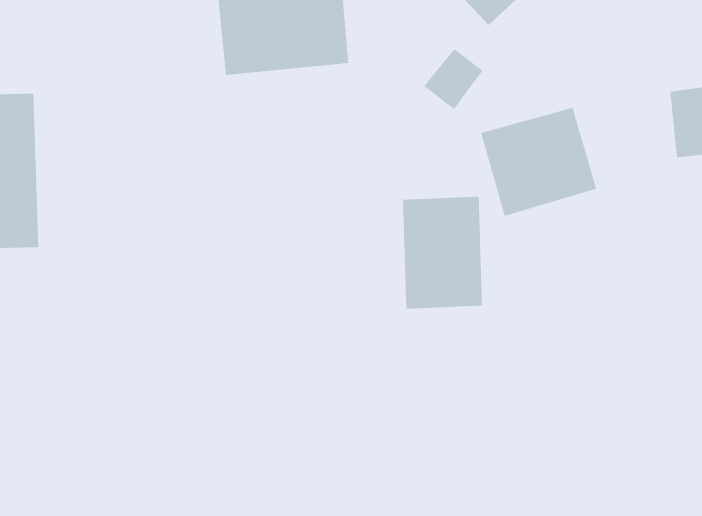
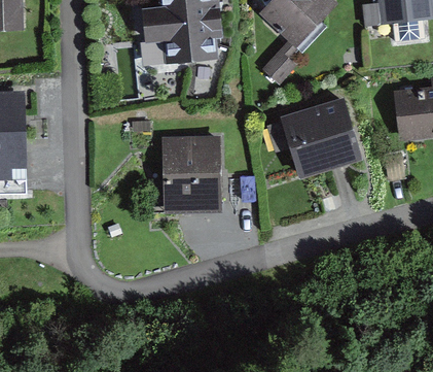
building: [402,196,483,309] -> [169,137,217,205]

